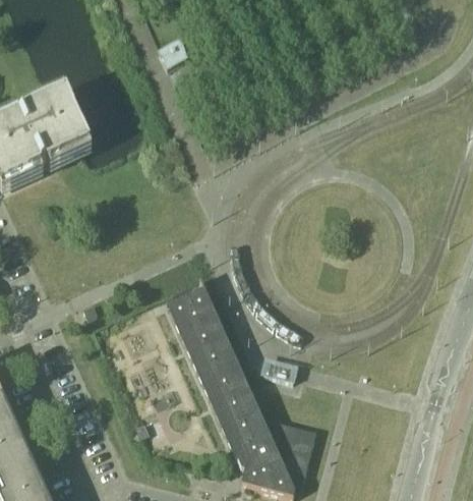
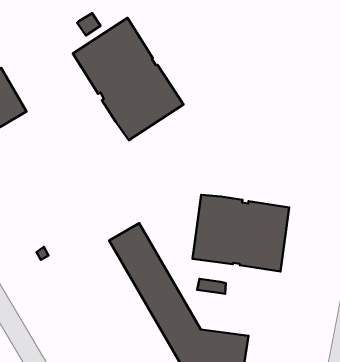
building: none -> [73,18,183,140]
building: none -> [192,195,289,272]

